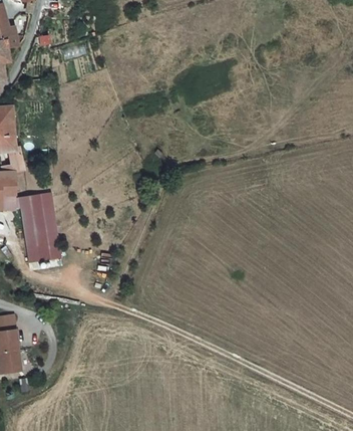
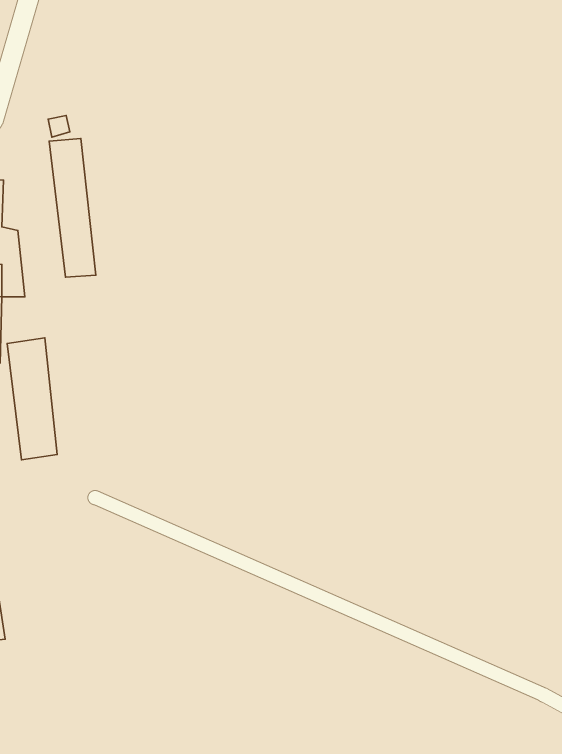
building: none -> [49,139,96,277]

